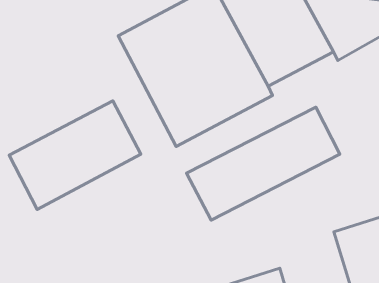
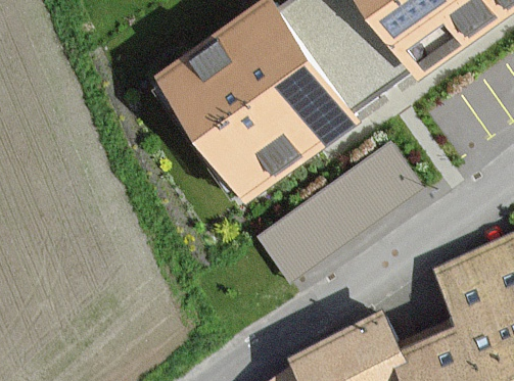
building: [9,101,141,209] -> none

